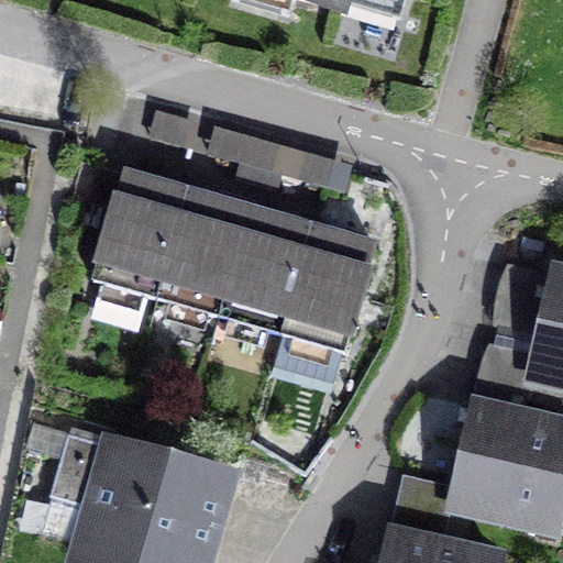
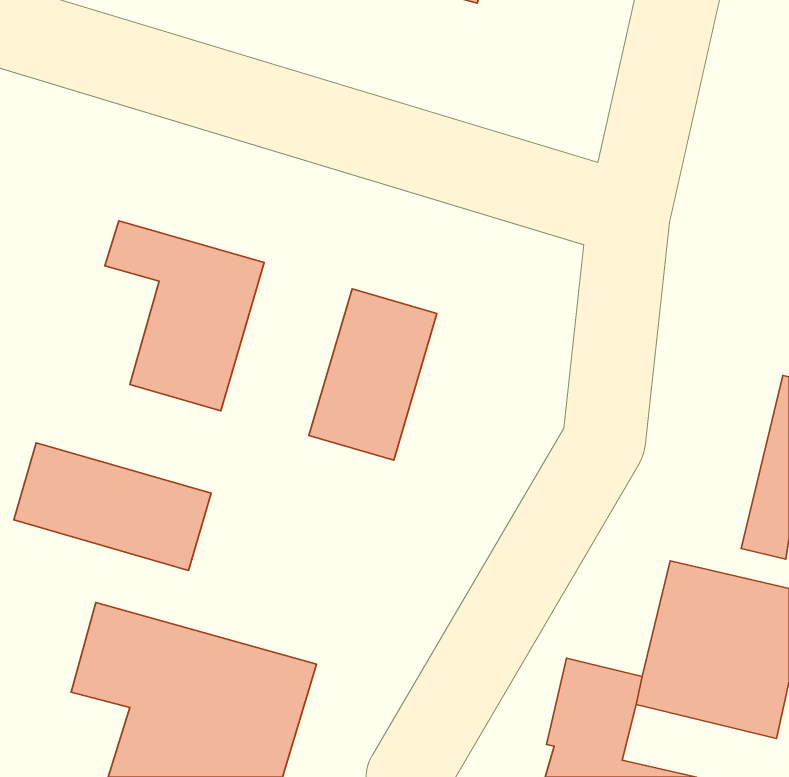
building: [157,187,251,310] -> none
building: [280,223,380,347] -> none
building: none -> [14,443,211,570]

